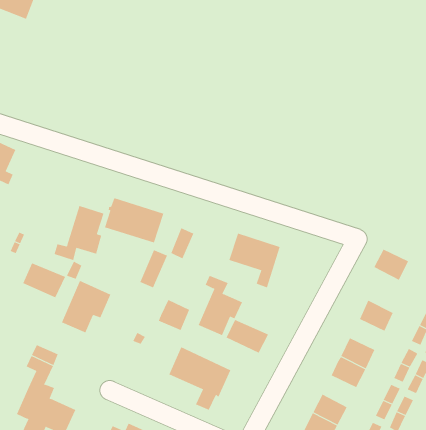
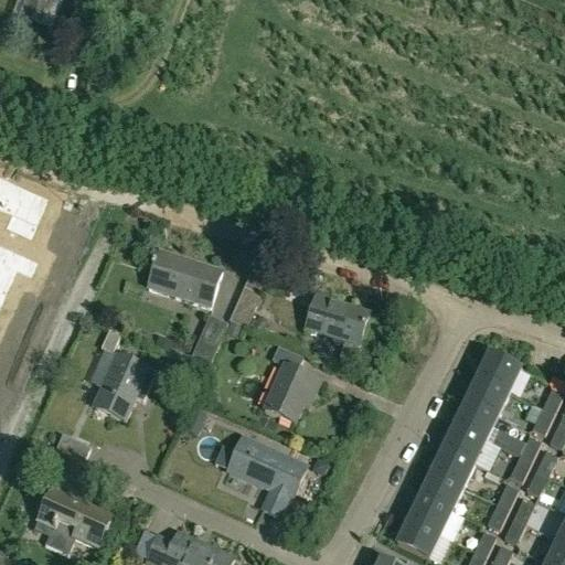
building: [54,205,104,261] -> none
building: [373,249,409,280] -> [477,354,521,394]
building: [23,262,66,298] -> none
building: [158,299,190,331] -> none
building: [226,319,269,354] -> none
building: none -> [454,402,498,440]
building: none -> [419,472,462,512]

